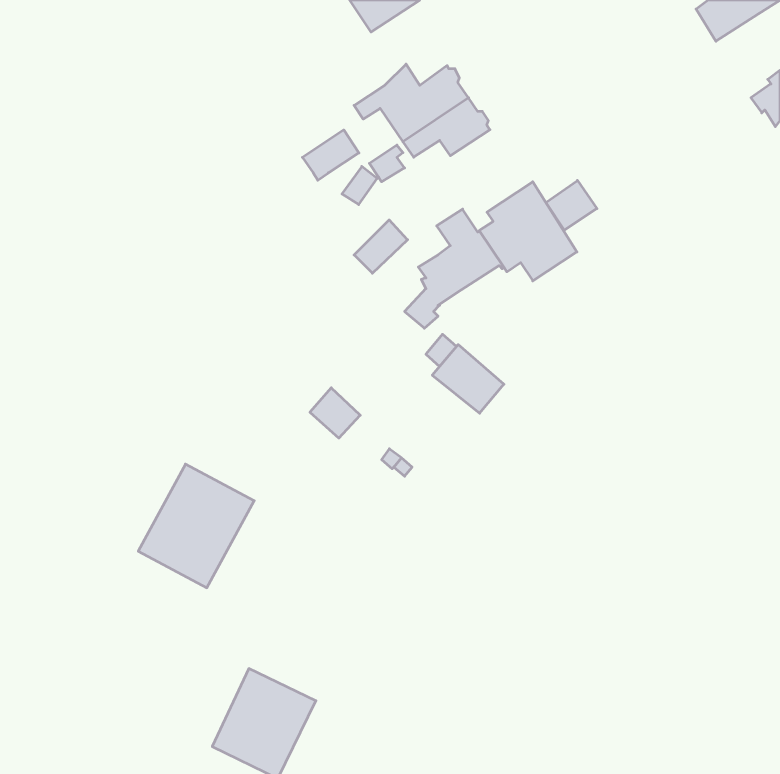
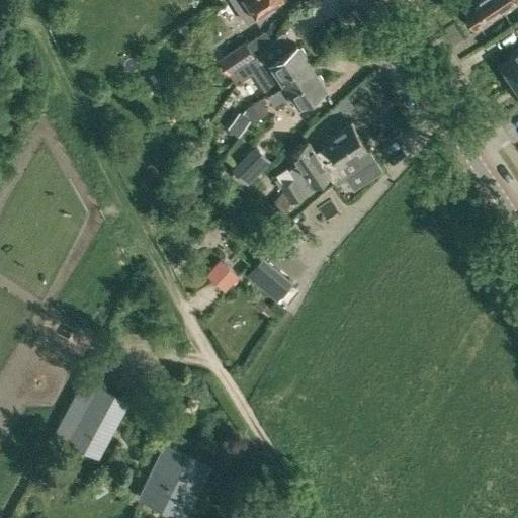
building: [302,130,359,180] -> [218,46,255,79]
building: [546,180,597,230] -> none
building: [432,345,504,413] -> [245,257,292,303]
building: [138,464,254,588] -> [53,378,130,460]

